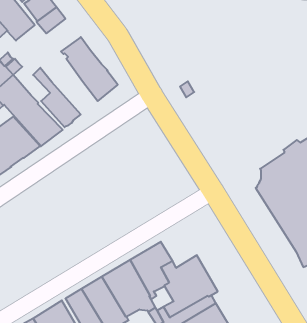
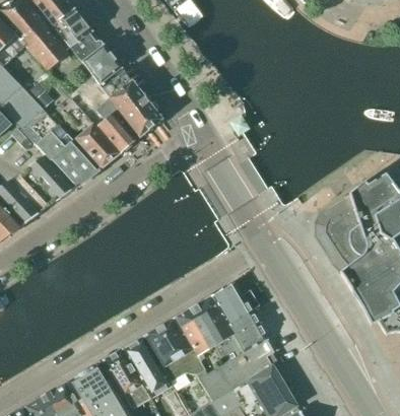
building: none -> [81,46,120,82]
building: none -> [87,97,136,154]
building: none -> [210,282,260,326]

